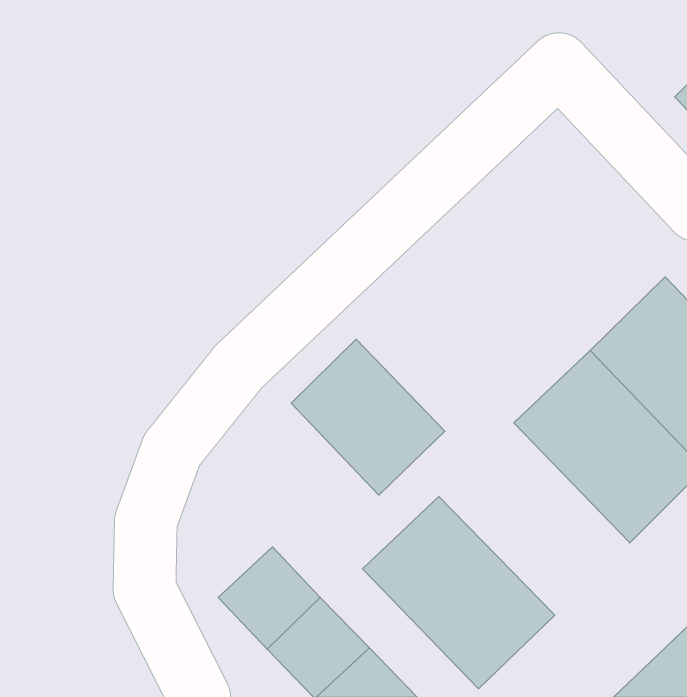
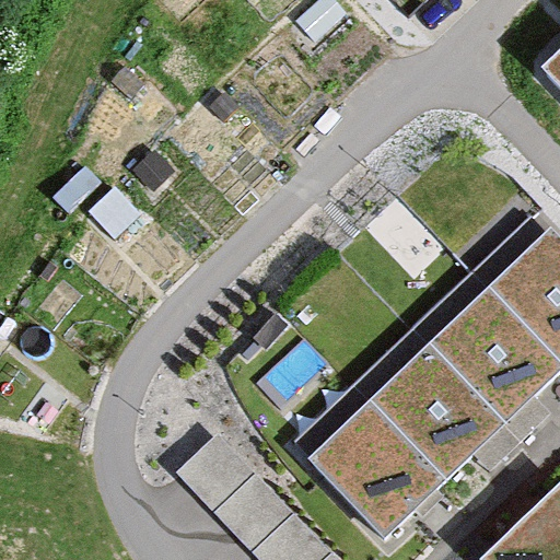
building: [291,339,445,495] -> none
building: none -> [360,339,513,493]

